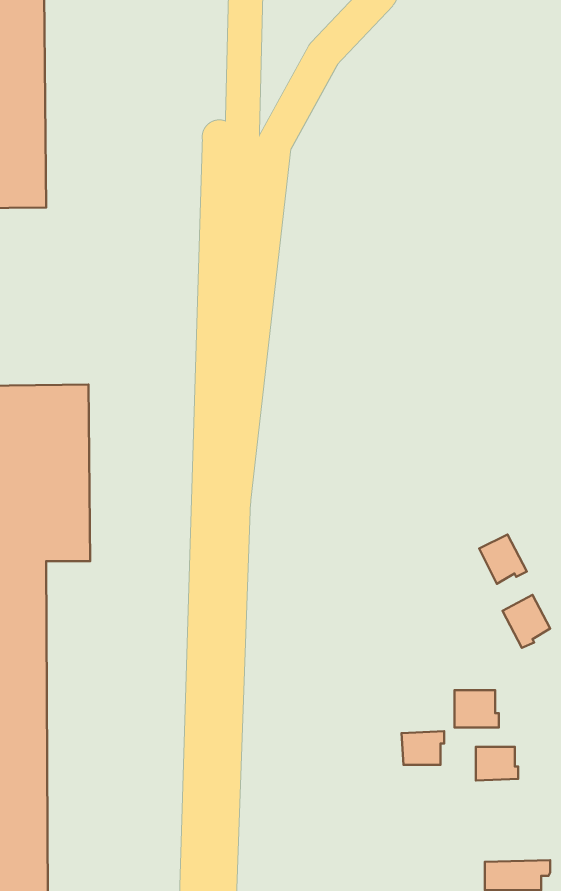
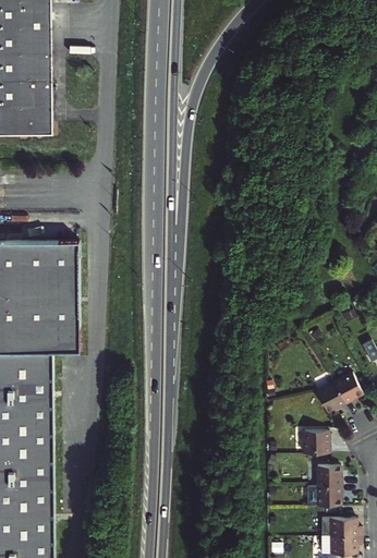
building: [479,534,527,584] -> [315,380,344,411]
building: [402,731,444,765] -> [316,484,342,505]
building: none -> [321,517,362,535]

